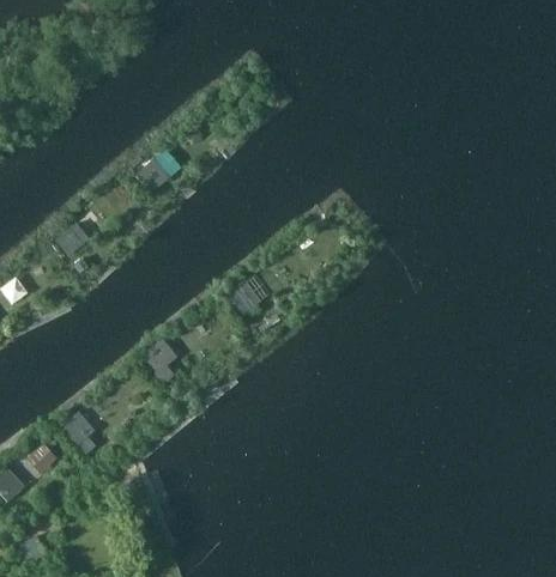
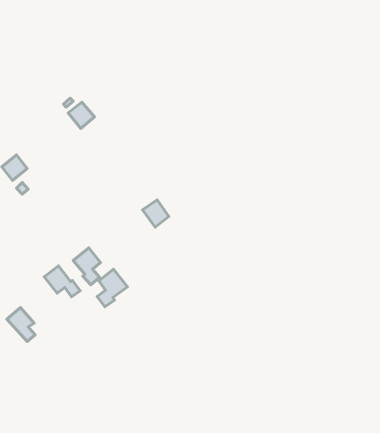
building: none -> [44,266,80,297]
building: none -> [97,269,127,307]

